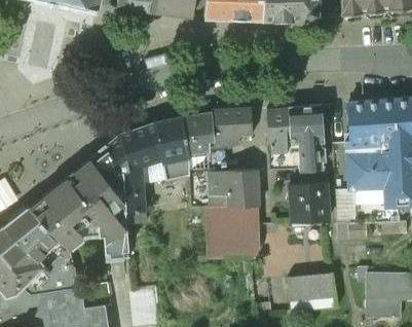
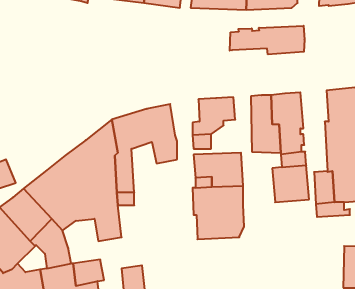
building: none -> [230,26,304,54]
building: [183,113,214,151] -> none
building: [22,267,52,296] -> none
building: [290,269,337,306] -> none

